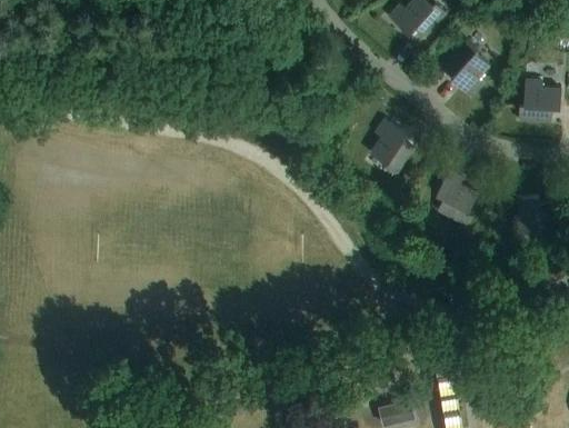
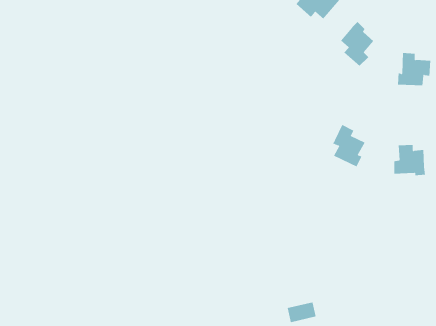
building: [370,118,413,175] -> none

